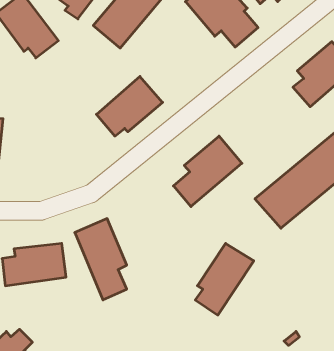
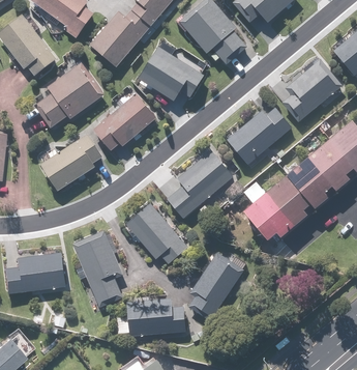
building: none -> [139,46,205,103]
building: none -> [34,62,106,129]
building: none -> [226,107,292,165]
building: none -> [40,133,103,192]
building: none -> [127,203,187,263]
building: none -> [127,297,186,336]

